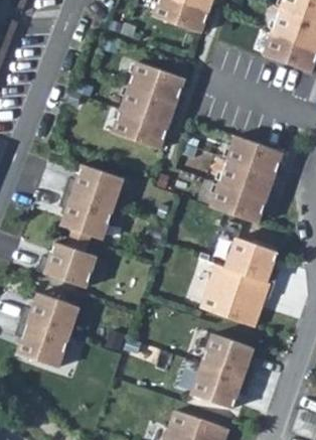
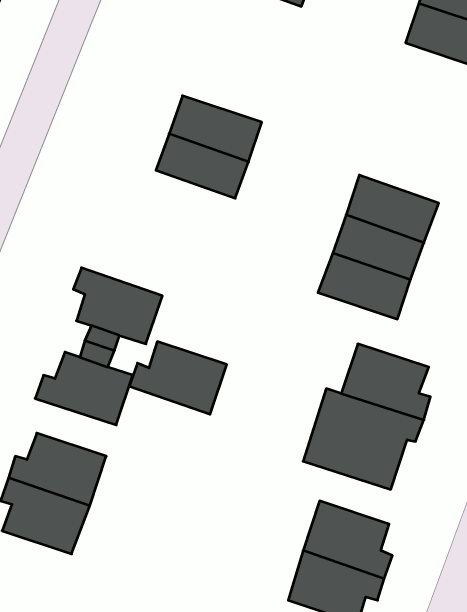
building: [127,60,184,103] -> none
building: [65,164,125,208] -> [129,342,227,414]

